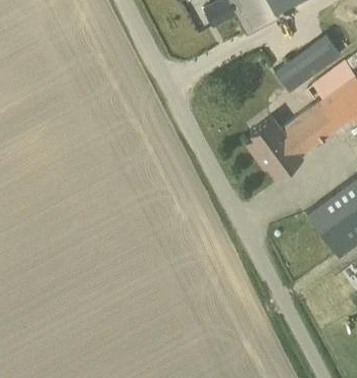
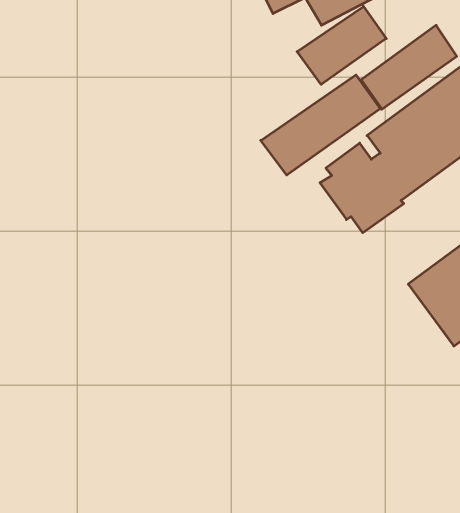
building: none -> [297,6,386,84]
building: none -> [261,75,380,175]

